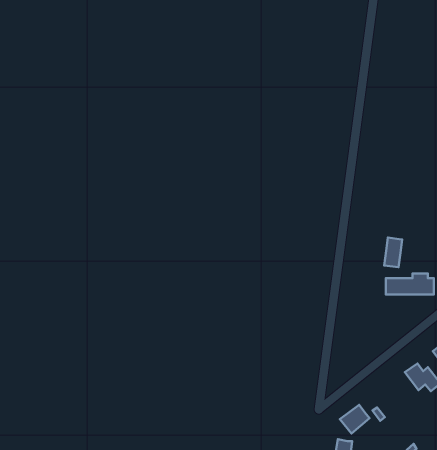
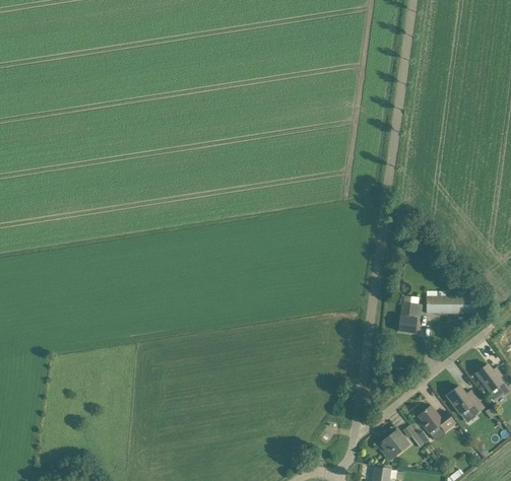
building: [384,238,402,267] -> [397,302,417,334]
building: none -> [417,406,454,440]

